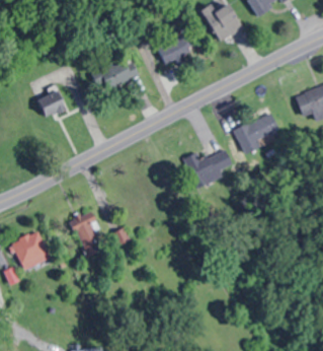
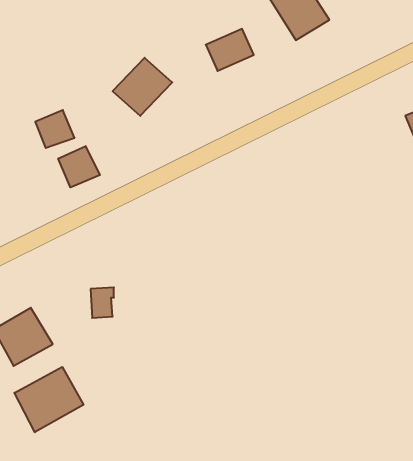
building: none -> [58,146,100,187]
building: [185,123,275,186] -> none
building: none -> [14,367,83,432]

